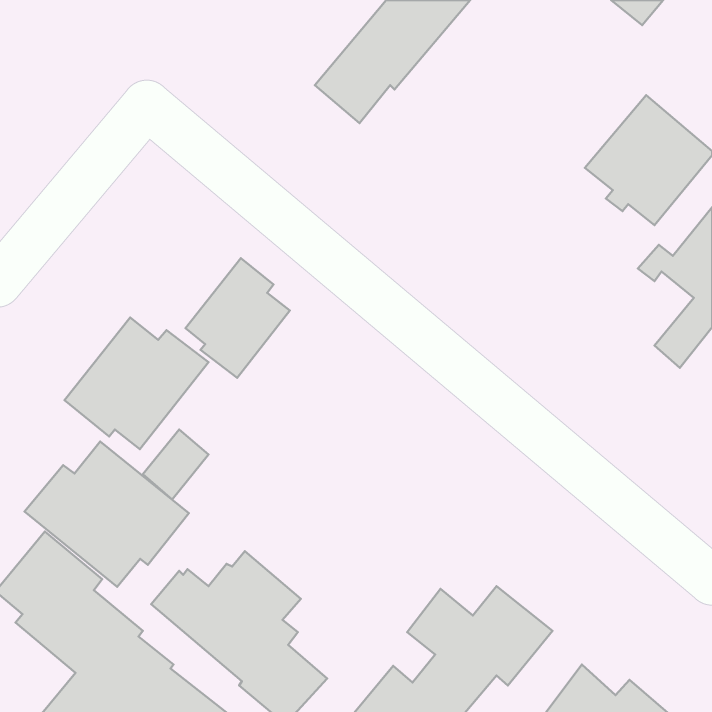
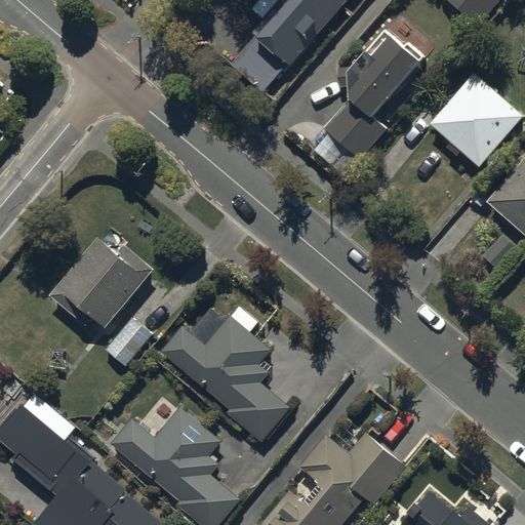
building: none -> [323,29,423,160]
building: [185,258,290,378] -> none
building: none -> [160,306,291,443]
building: [24,442,189,587] -> none

